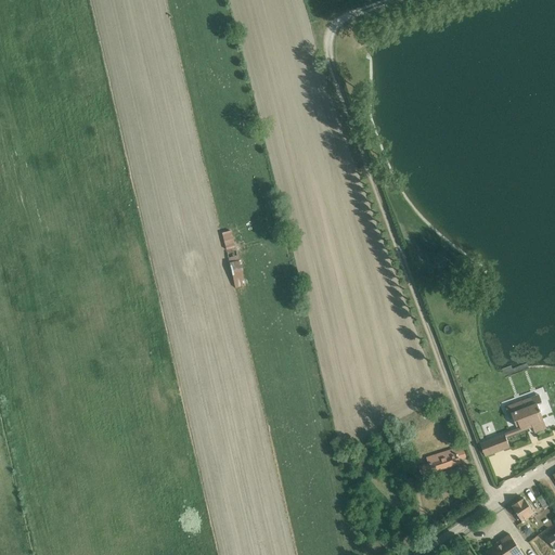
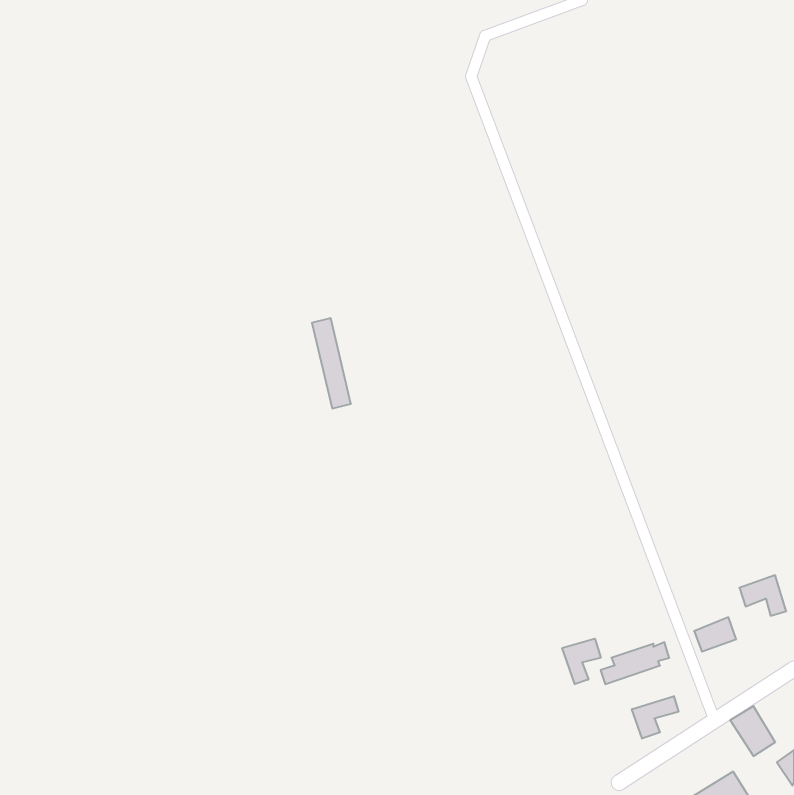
building: none -> [562,639,601,684]
building: none -> [632,696,679,739]

